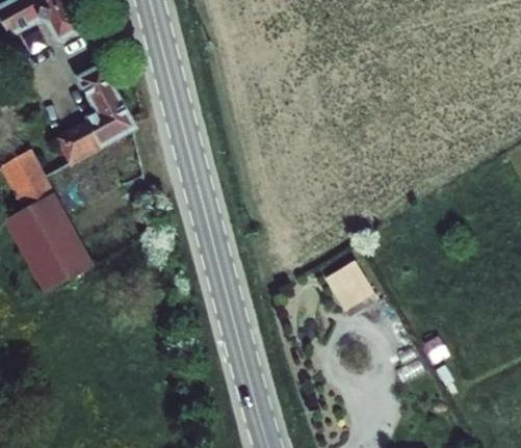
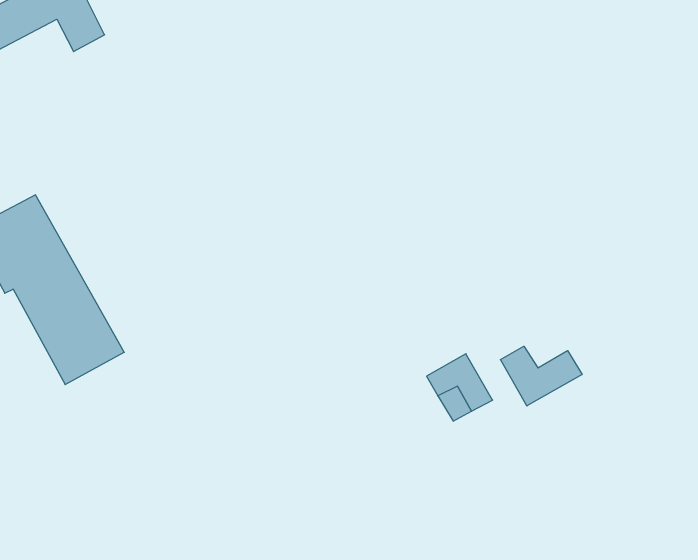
building: [51,68,135,165] -> none
building: none -> [500,346,582,406]

